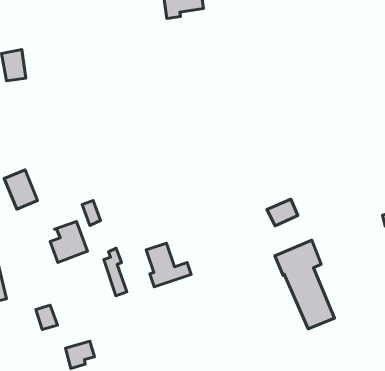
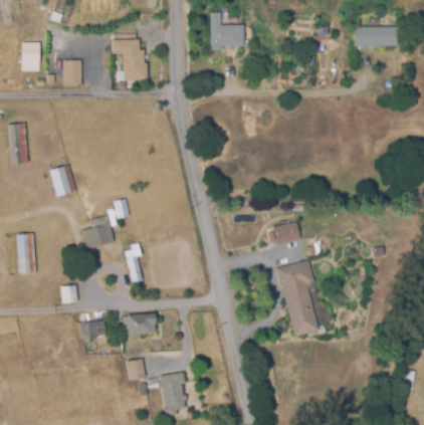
building: none -> [111,40,144,80]
building: [146,243,191,287] -> none
building: none -> [124,312,157,334]

